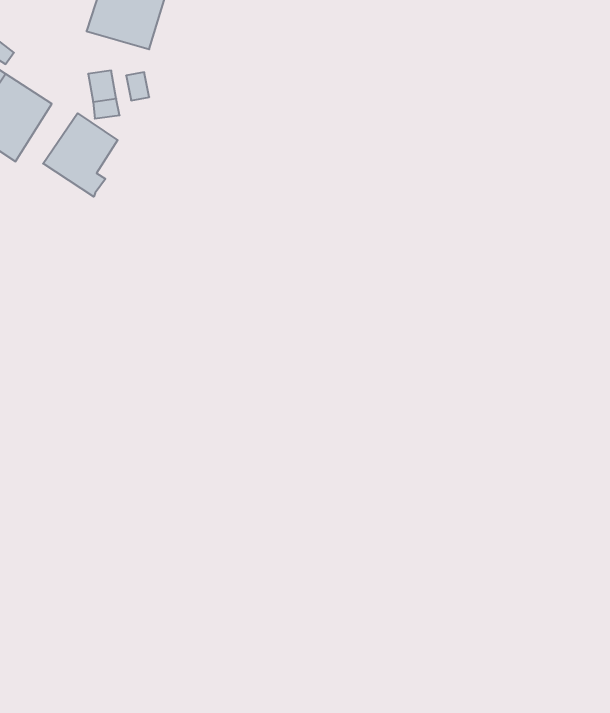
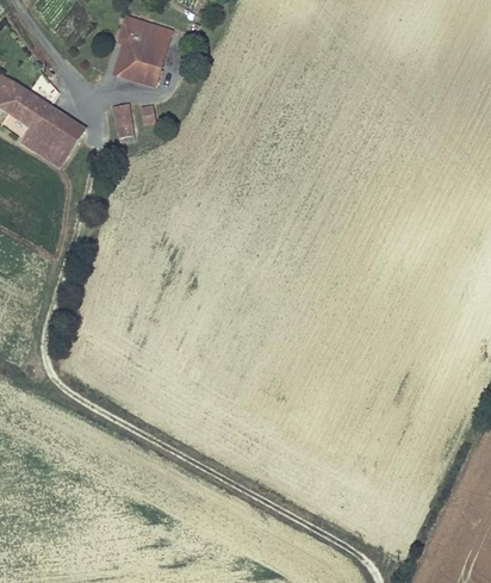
building: [43,113,118,197] -> none

